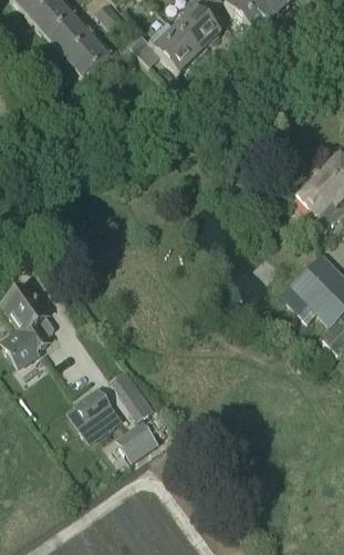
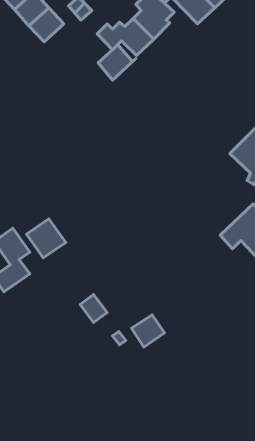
building: [65,33,112,76] -> [98,45,136,80]
building: none -> [26,219,66,258]
building: [73,387,121,441] -> none
building: [116,421,157,461] -> [131,315,165,347]

